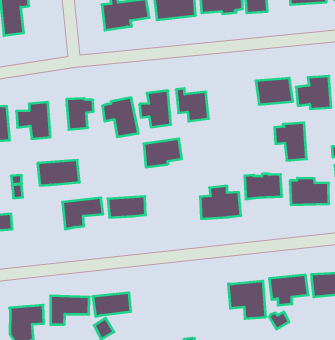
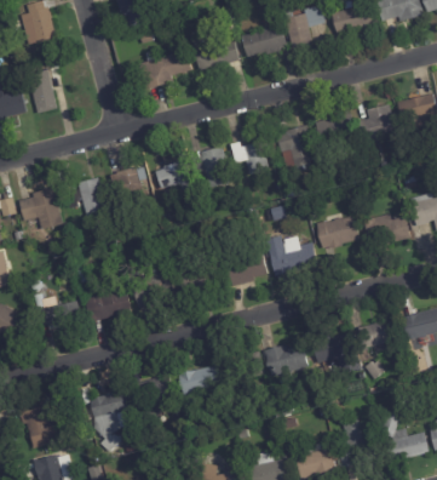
building: [275,123,307,160] -> [275,124,314,166]
building: [144,139,182,167] -> [225,251,268,286]
building: [38,160,80,185] -> [84,287,131,320]
building: none -> [264,342,307,384]

